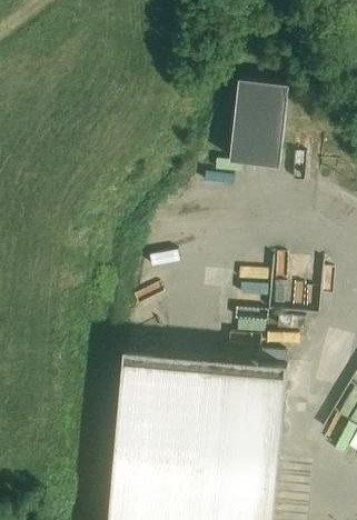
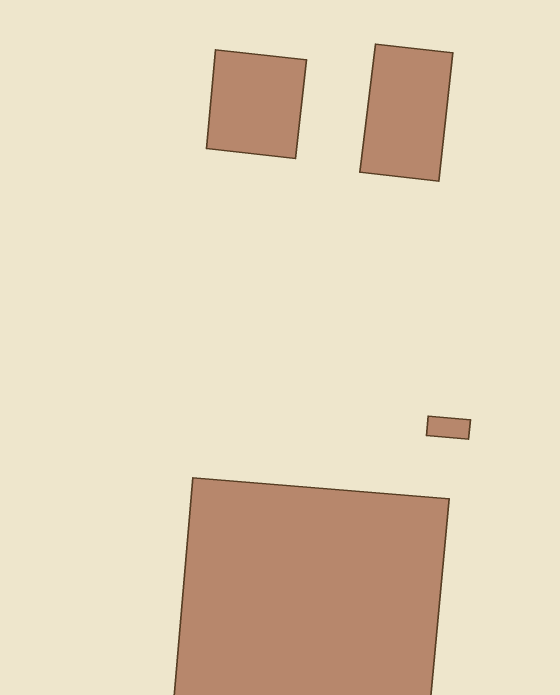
building: none -> [206,50,307,158]

